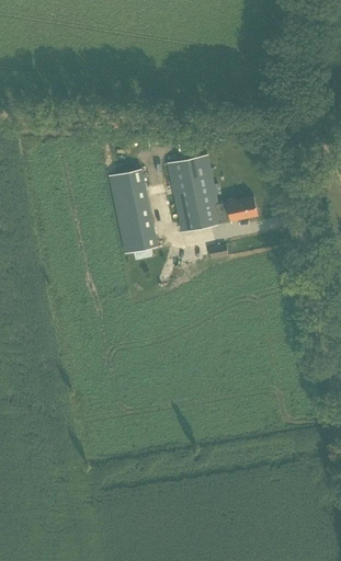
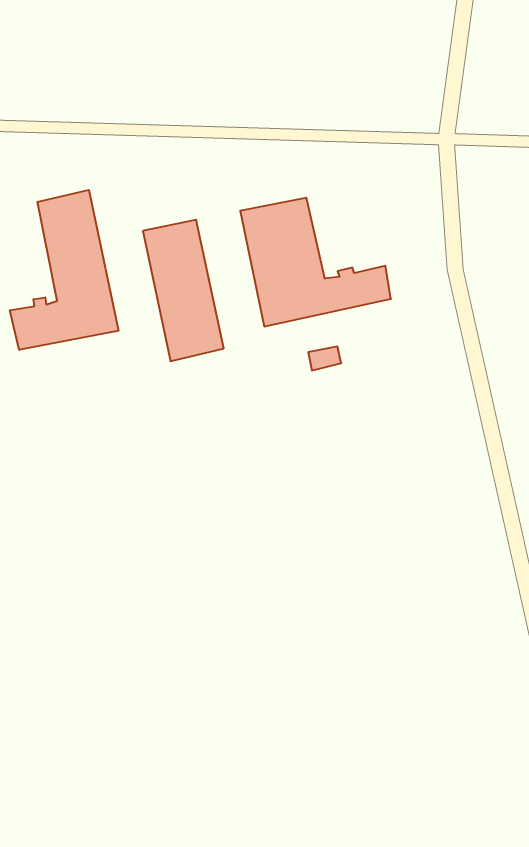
building: none -> [10,190,118,350]

